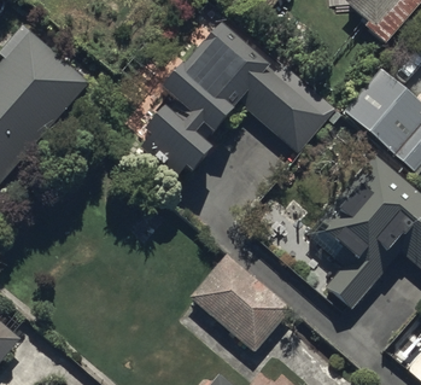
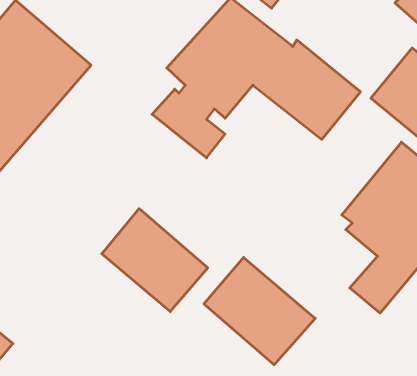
building: none -> [102,209,208,312]

